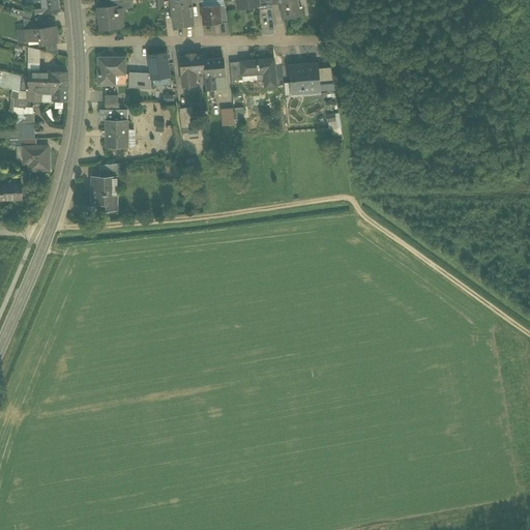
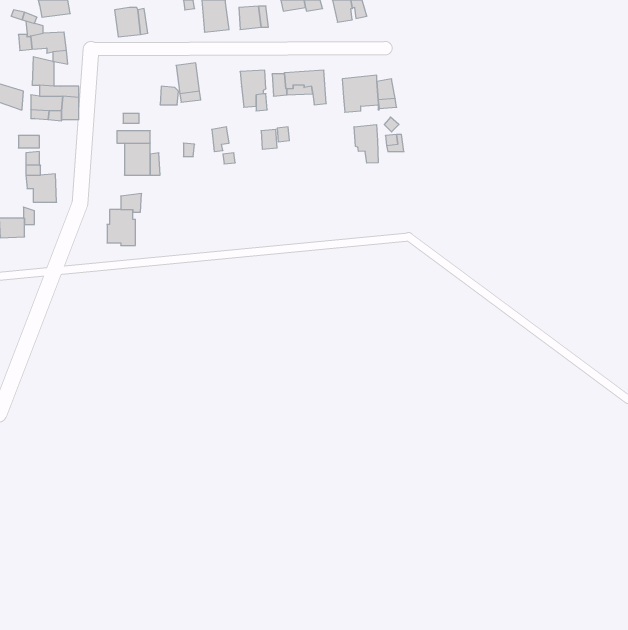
building: [179,54,203,87] -> none
building: [97,58,124,85] -> none
building: none -> [354,125,378,163]

